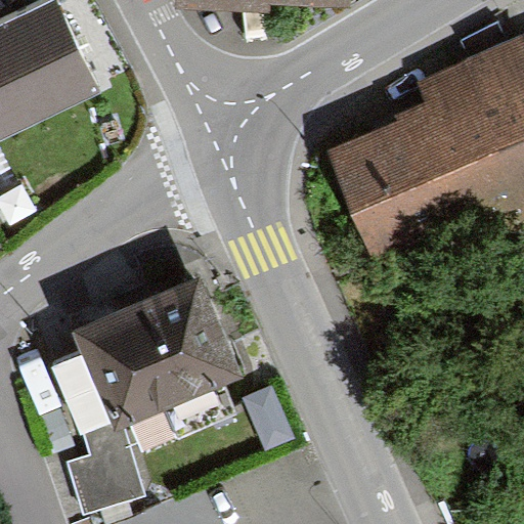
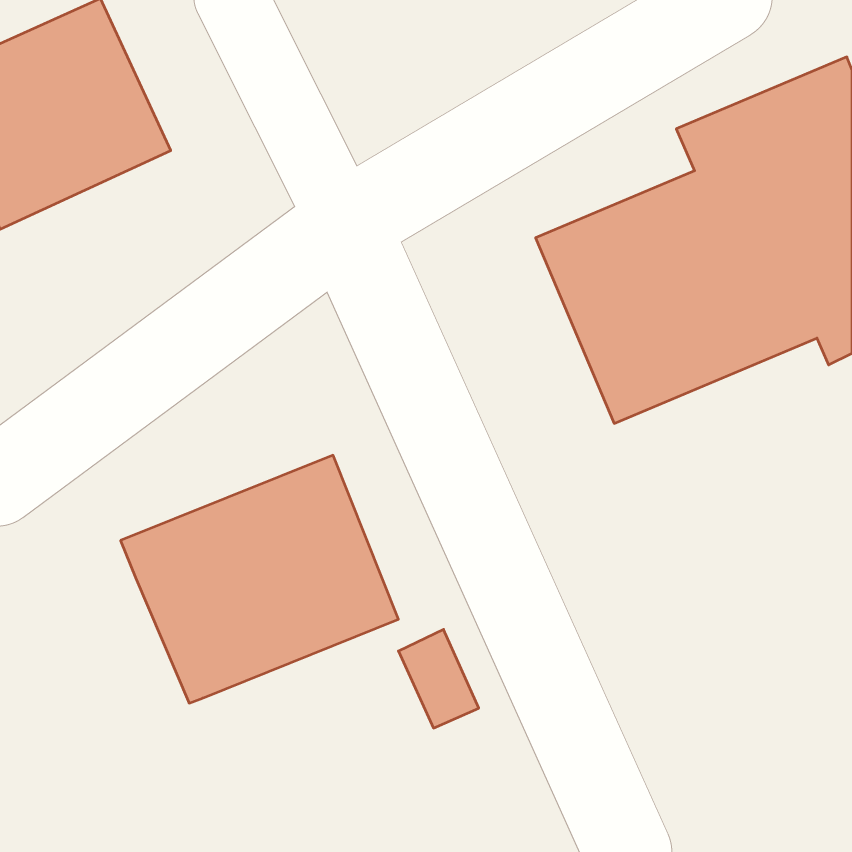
building: [50,353,143,512] -> none

